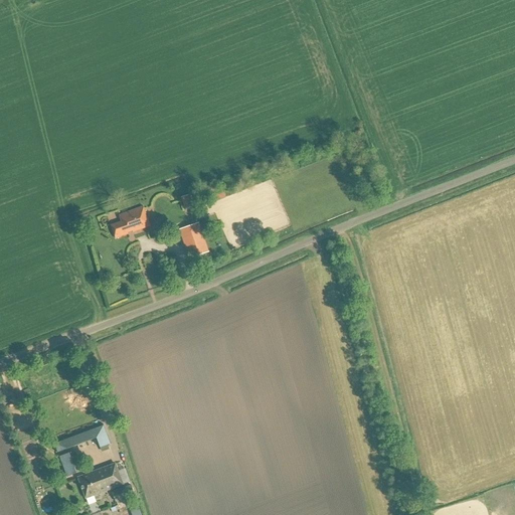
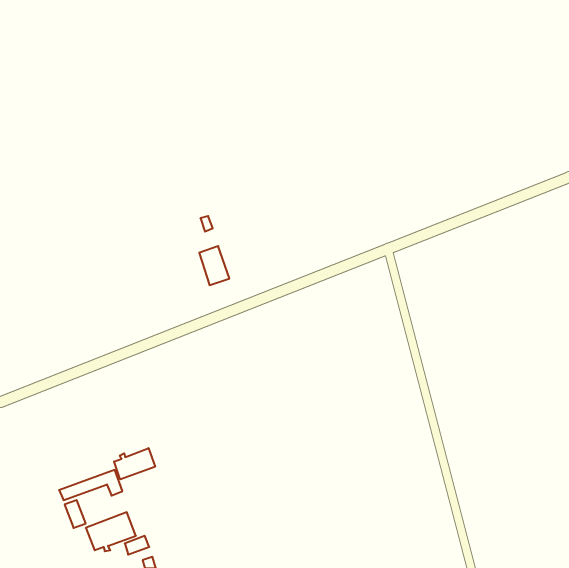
building: [110,205,150,237] -> none
building: none -> [114,448,155,479]

